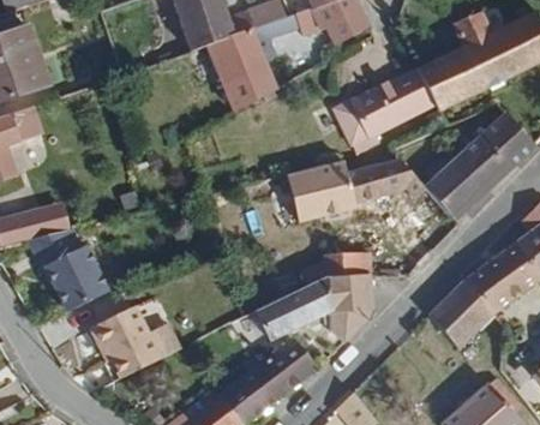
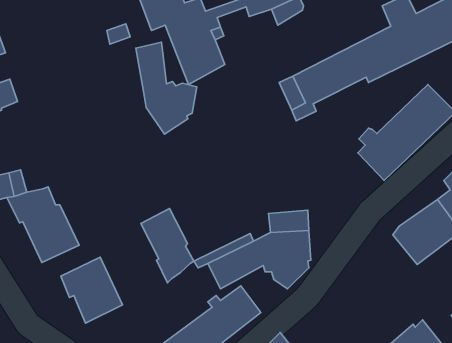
building: none -> [136,42,197,134]
building: [287,158,426,223] -> none
building: none -> [141,208,194,283]
building: [432,281,493,348] -> none

